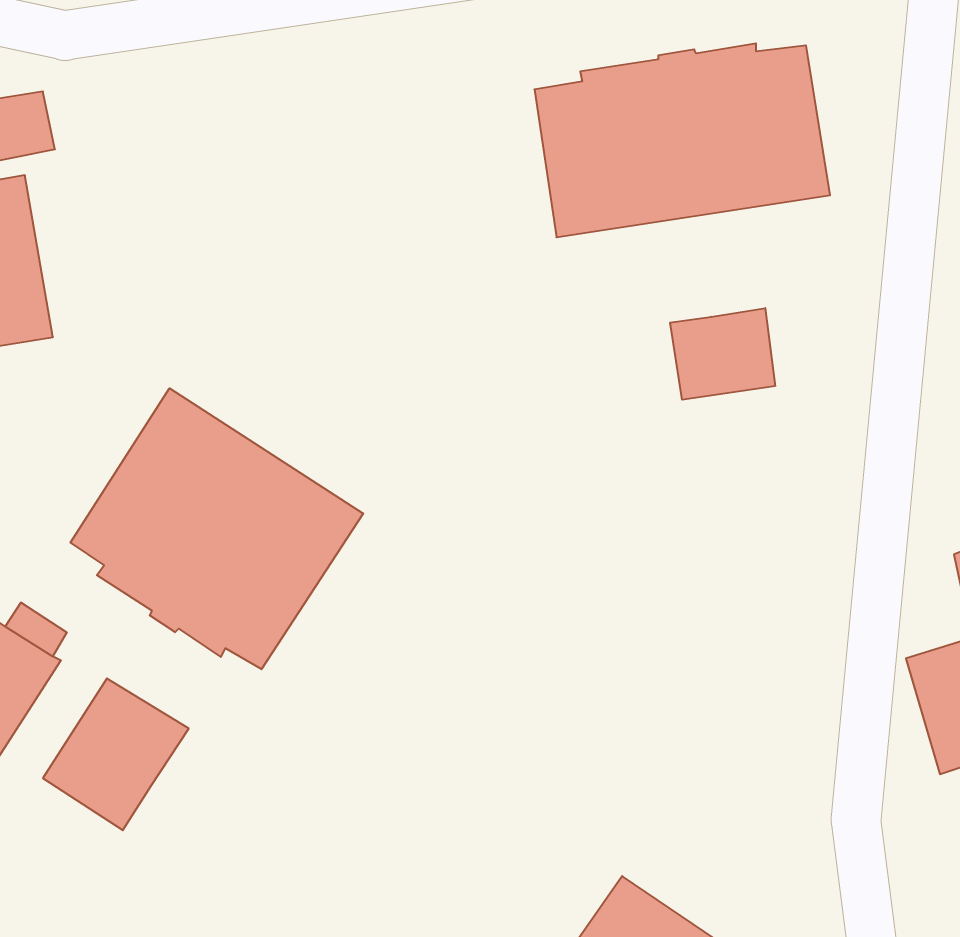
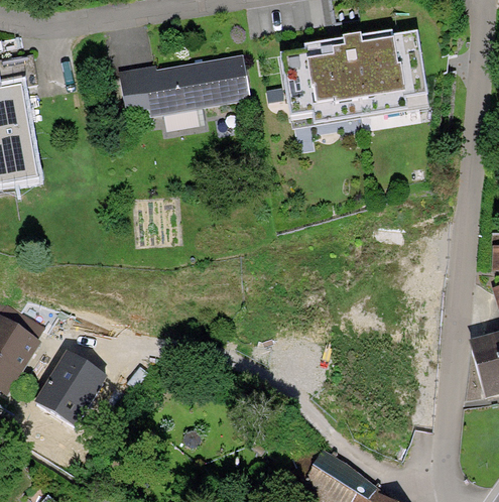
building: none -> [119,53,251,115]
building: [670,308,775,400] -> none
building: [70,388,363,669] -> none

